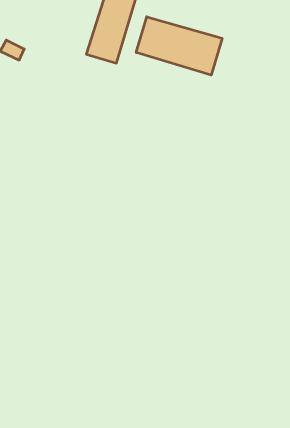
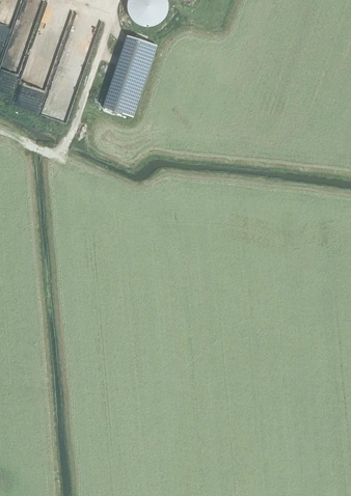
building: [136,17,222,75] -> none

